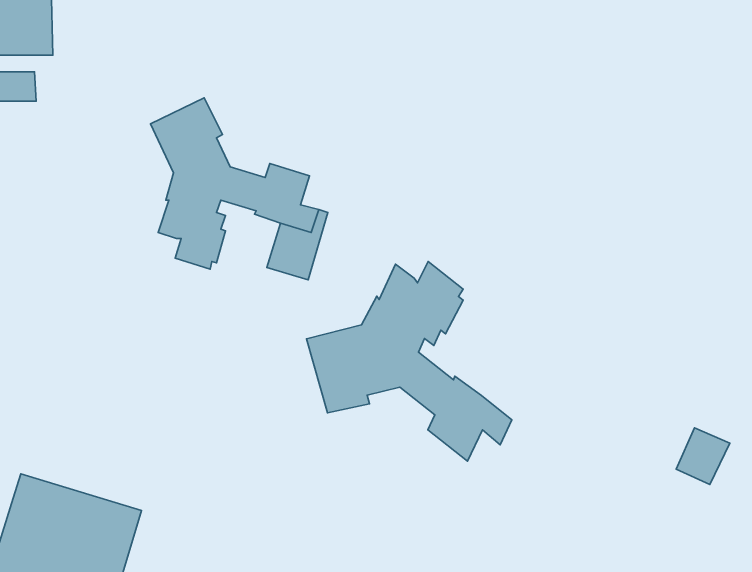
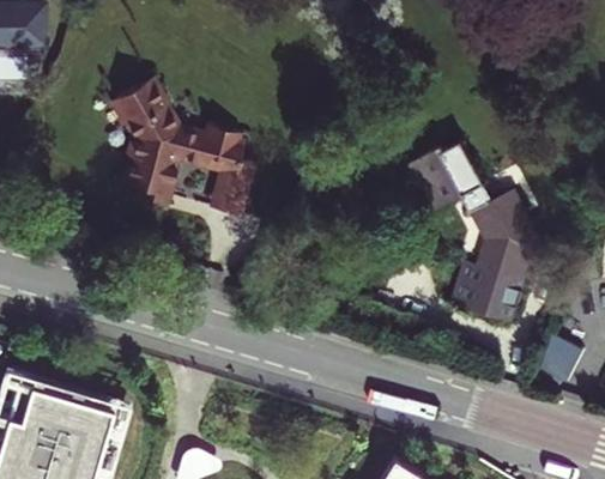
building: none -> [403,141,545,317]
building: [307,262,512,461] -> none

